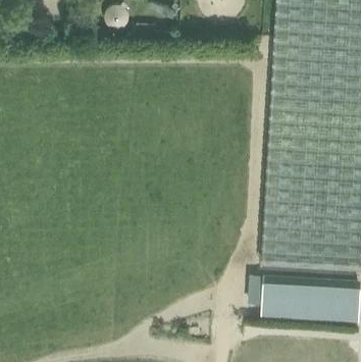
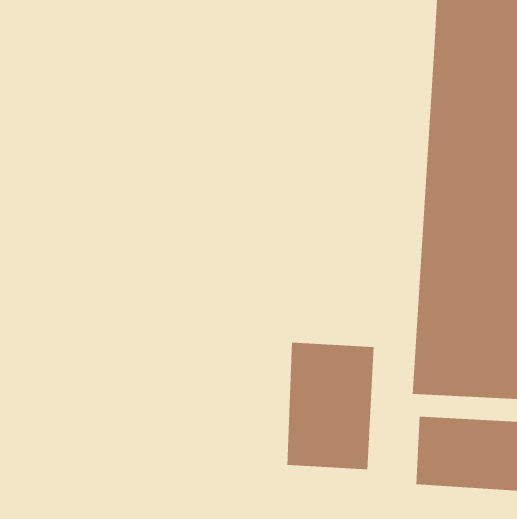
building: none -> [287,342,374,470]

